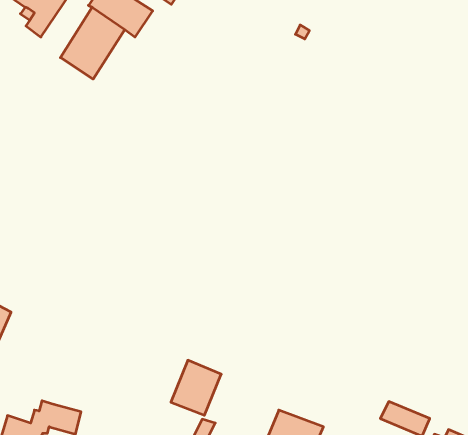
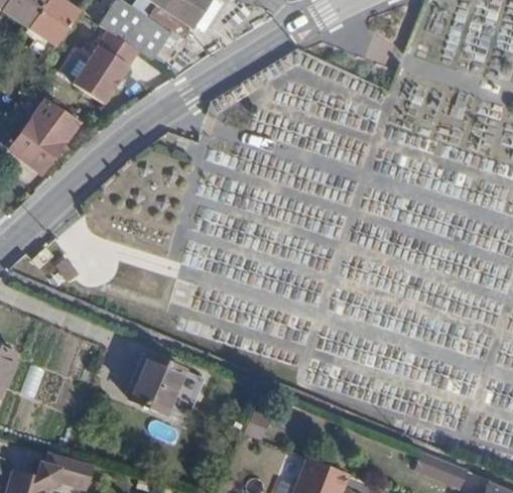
building: none -> [13,99,82,171]
building: [171,360,221,415] -> [130,354,184,413]

